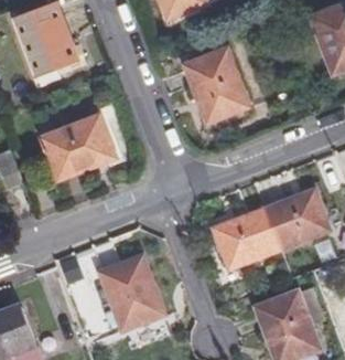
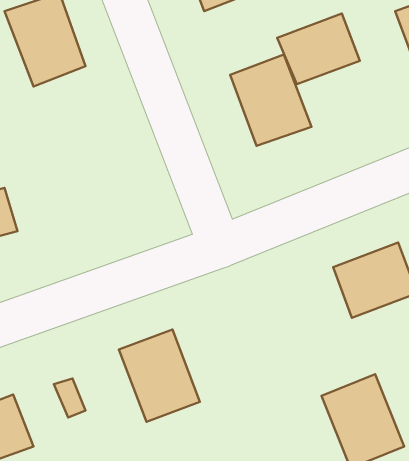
building: none -> [277,13,360,84]
building: [43,114,115,174] -> none
building: [216,210,279,268] -> none

